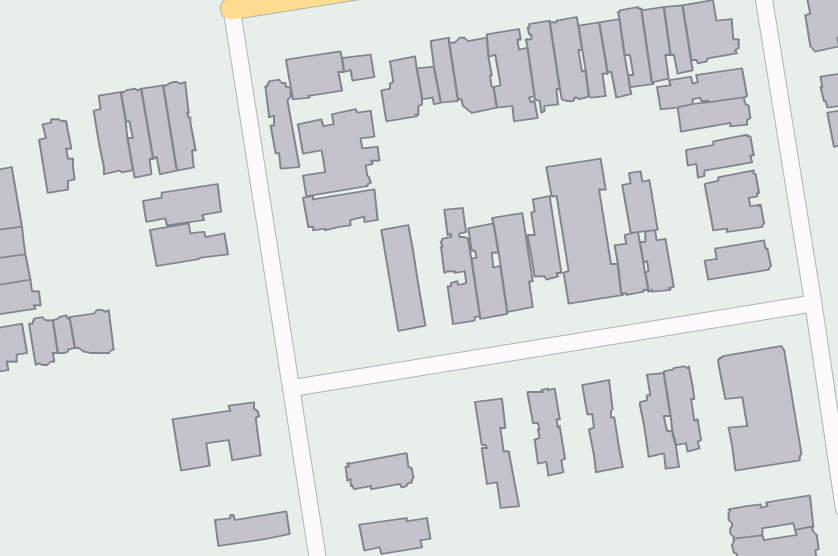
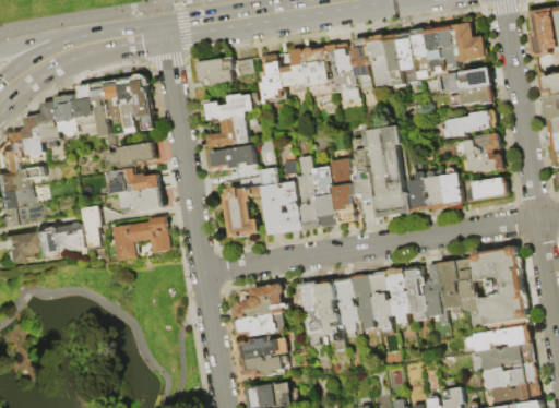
building: [265,80,299,168] -> [131,73,153,130]
building: none -> [53,95,79,136]
building: none -> [20,115,45,180]
building: [622,172,658,233] -> [439,168,462,207]
building: none -> [277,161,302,233]
building: none -> [119,187,164,214]
building: none -> [222,187,260,238]
building: none -> [80,205,103,251]
building: none -> [454,256,481,314]
building: none -> [403,265,427,320]
building: none -> [368,271,393,335]
building: none -> [334,276,359,337]
building: none -> [298,280,325,346]
building: [172,402,261,470] -> [111,216,168,260]
building: none -> [235,284,289,321]
building: none -> [467,317,531,350]
building: [215,512,290,546] -> [240,338,288,360]

